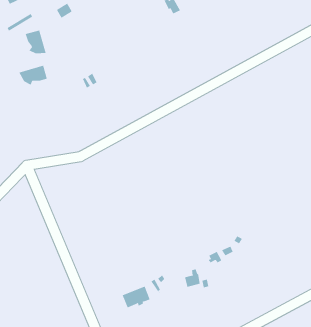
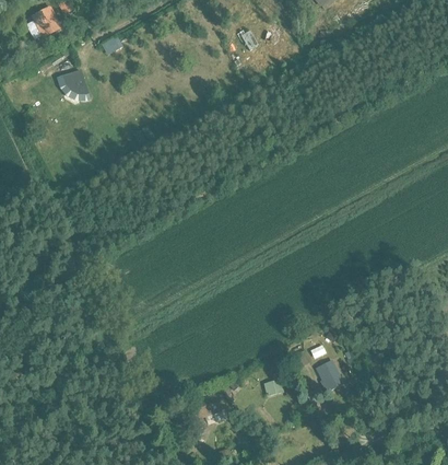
building: [18,65,48,85] -> none
building: none -> [317,358,344,391]

